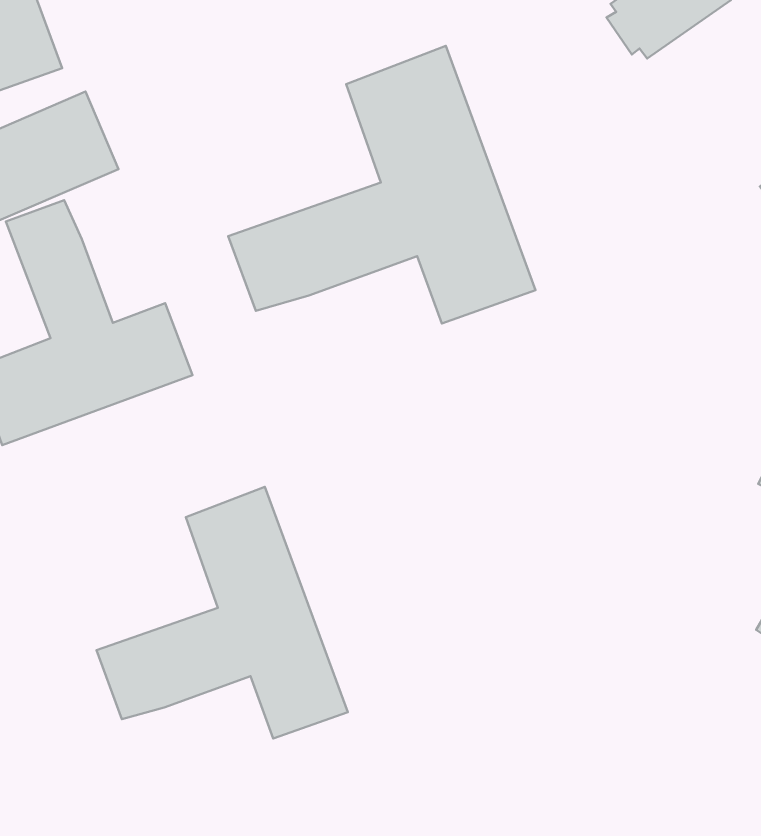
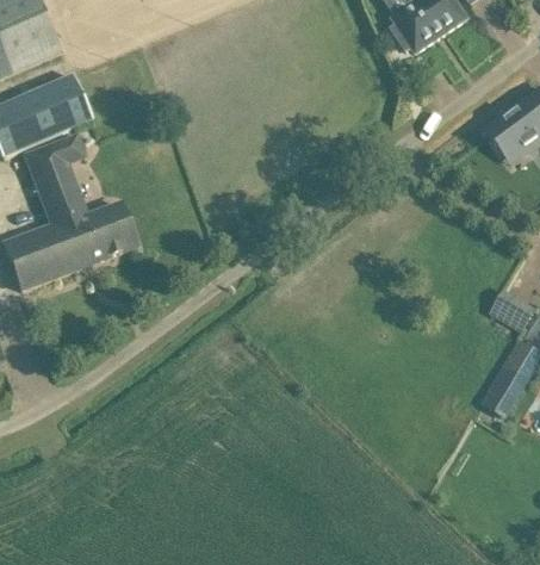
building: [228,46,536,323] -> none
building: [96,487,348,738] -> none

